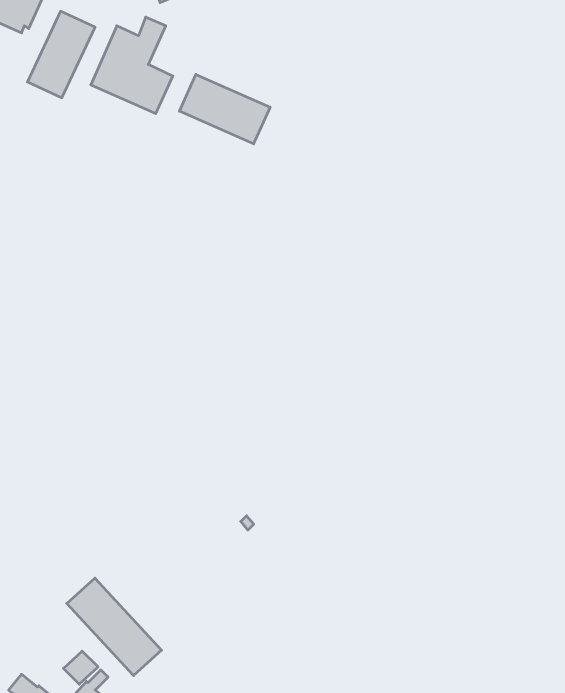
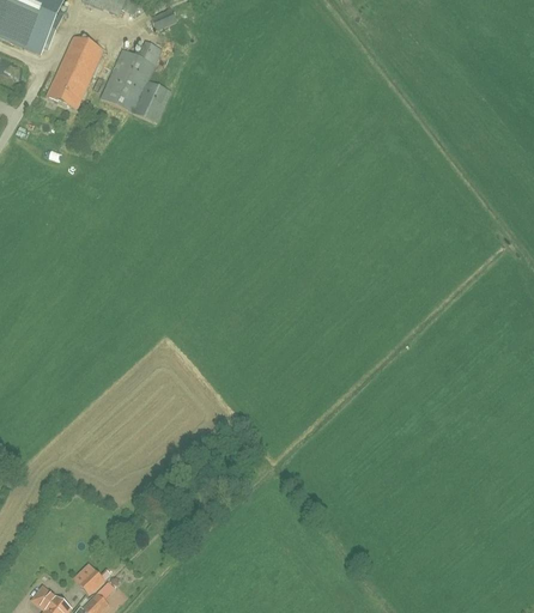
building: [179,74,270,144] -> none
building: [67,578,162,676] -> none

